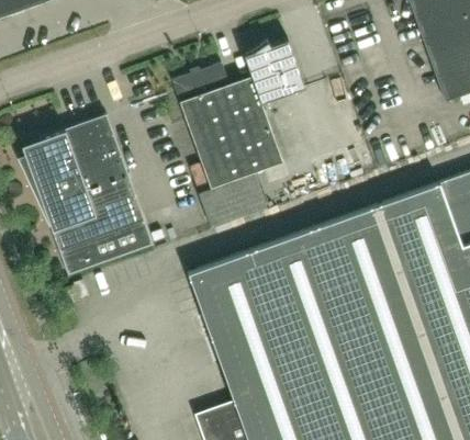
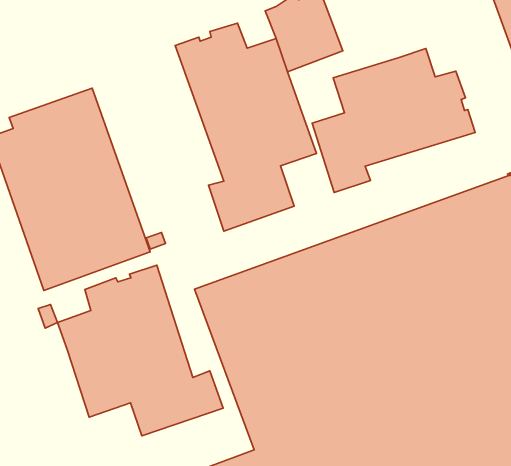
building: none -> [312,49,475,193]
building: none -> [58,265,223,436]

